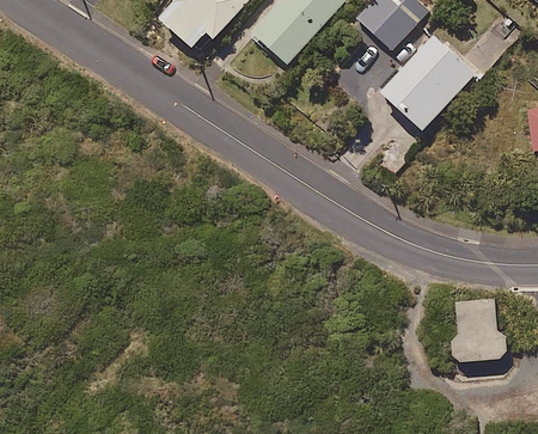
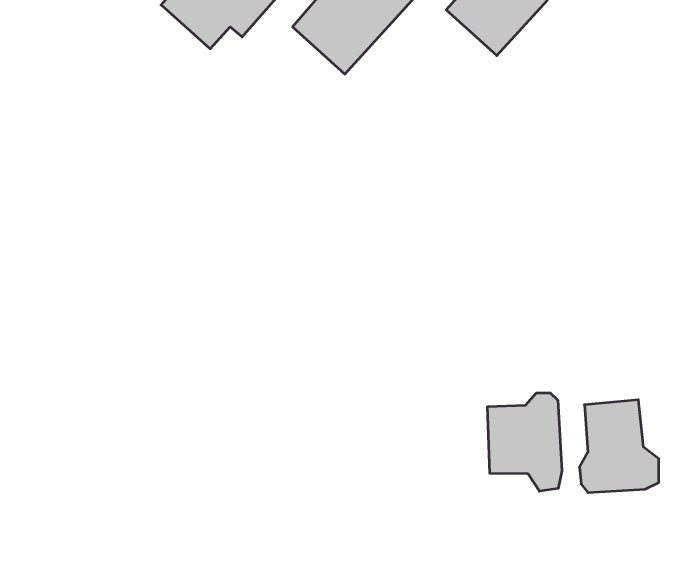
building: [380,33,475,129] -> none
building: none -> [488,393,562,491]

